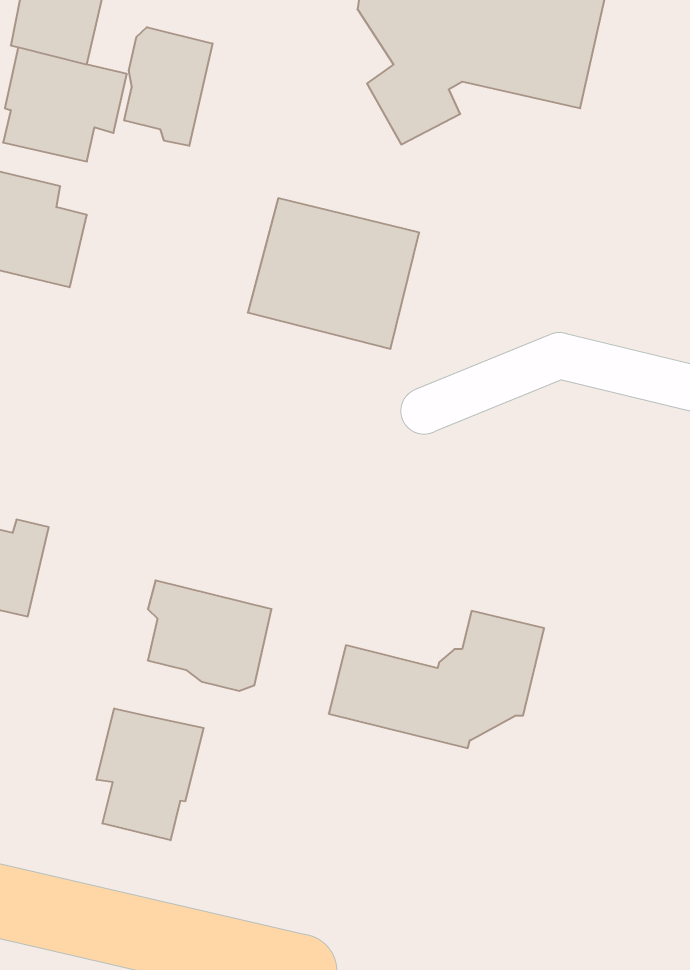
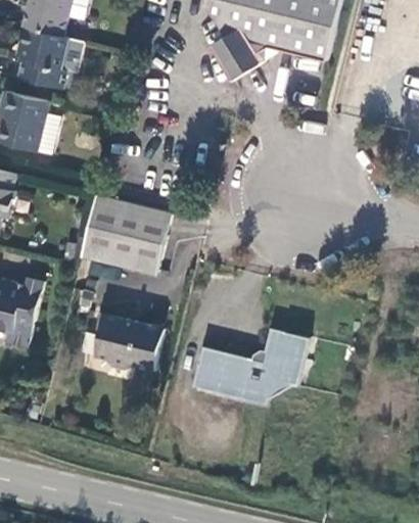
building: [124,27,213,146] -> none
building: [248,198,419,349] -> [80,193,172,274]
building: [97,708,204,840] -> none

